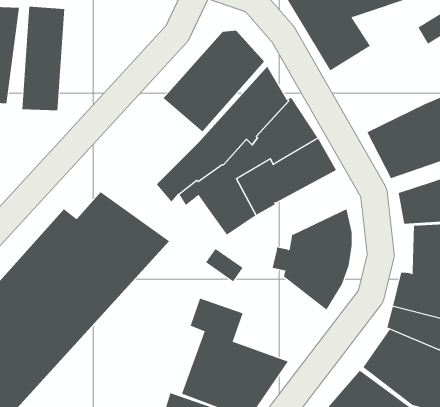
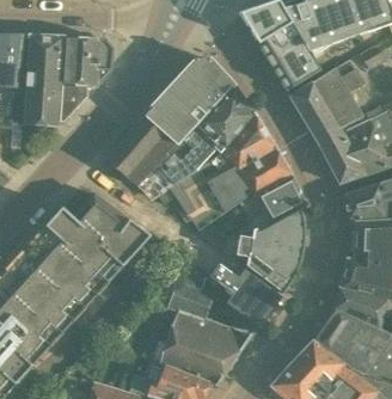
building: none -> [61,37,111,119]
building: none -> [289,59,363,139]
building: none -> [105,116,178,185]
building: none -> [240,174,305,228]
building: none -> [209,264,280,326]

